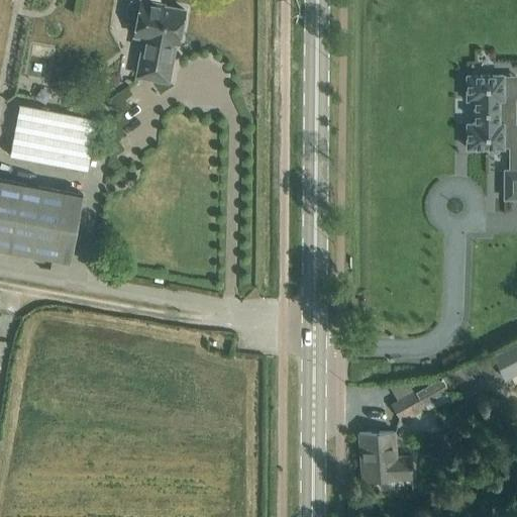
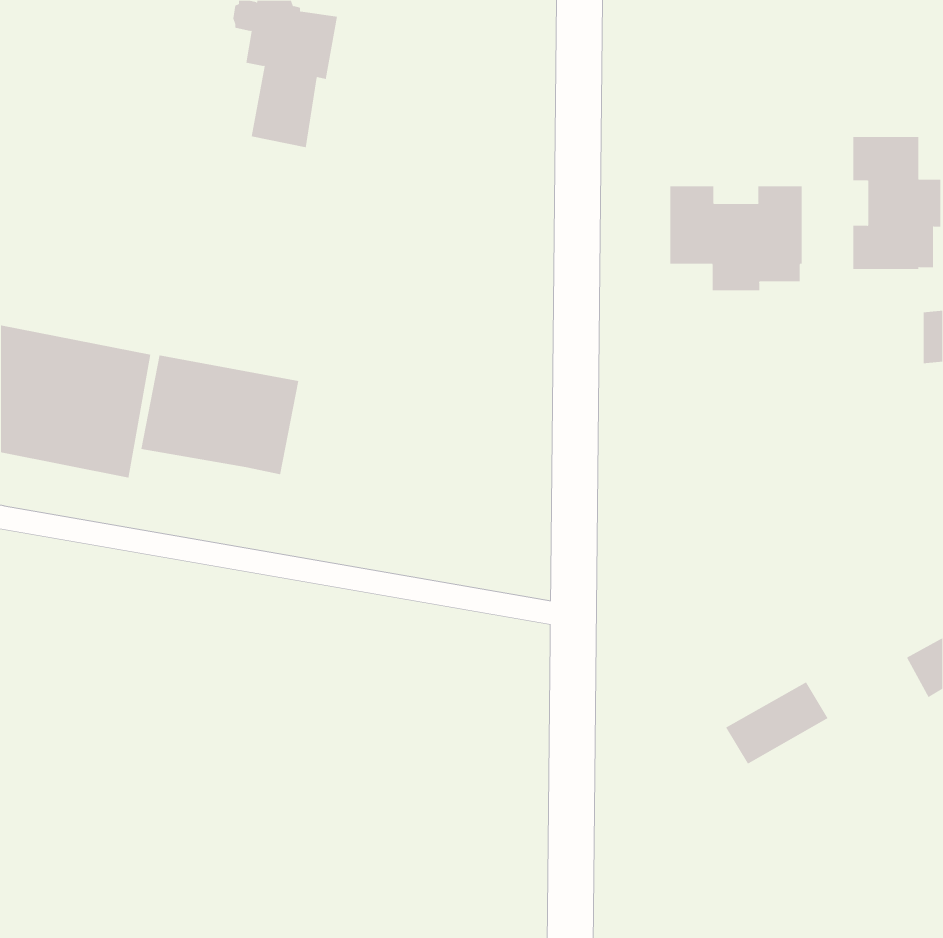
building: none -> [670,185,802,291]
building: [10,107,97,173] -> [141,355,299,475]
building: [359,432,412,484] -> none

